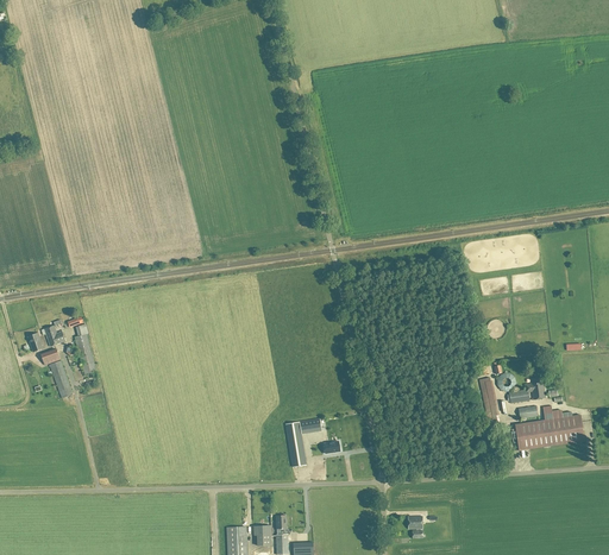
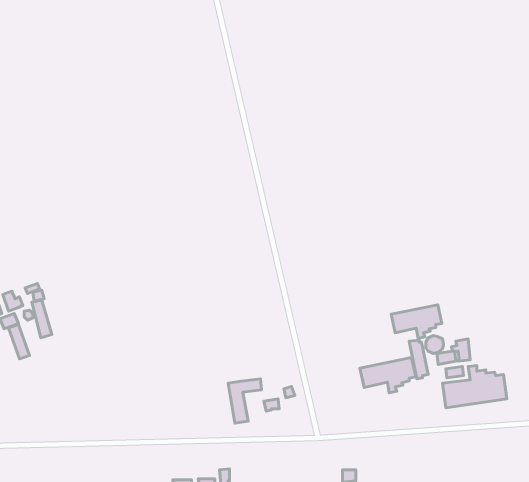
building: none -> [391,305,442,338]
building: none -> [360,357,416,393]

